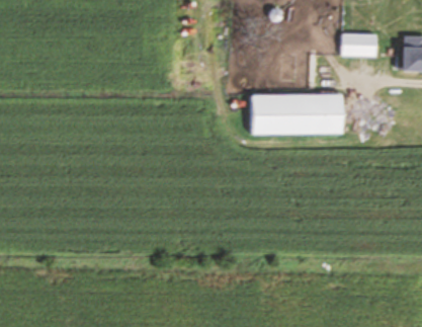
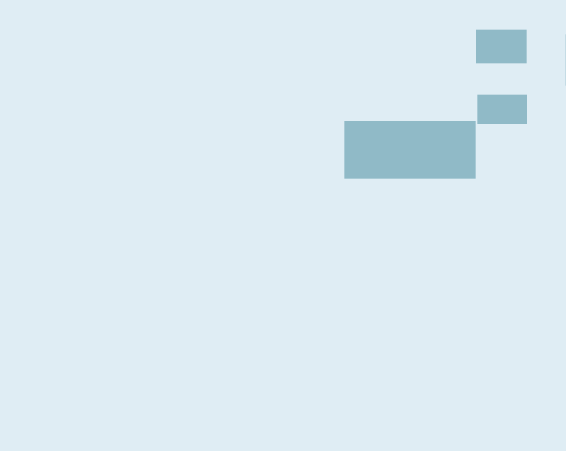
building: none -> [477,94,528,125]

